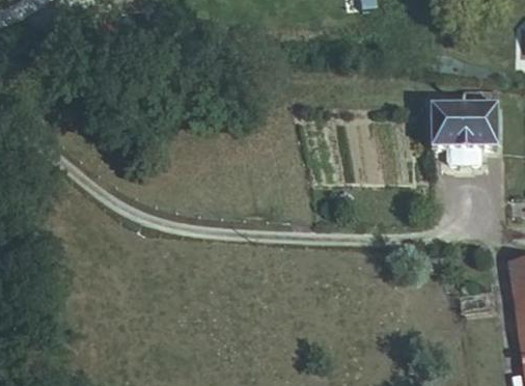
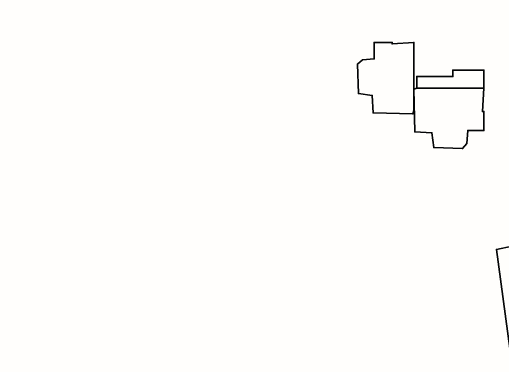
building: none -> [357,43,414,114]

